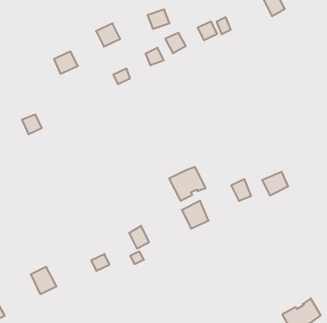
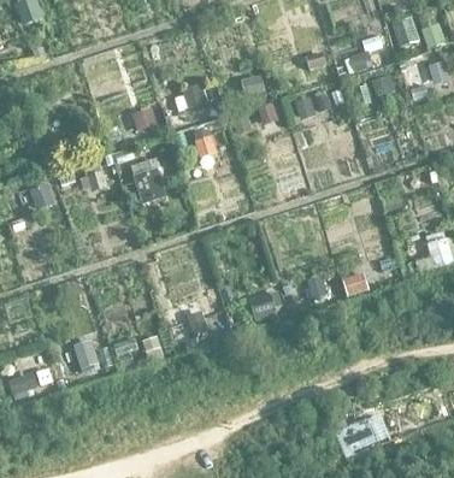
building: none -> [132,167,166,205]
building: [169,167,205,201] -> none

